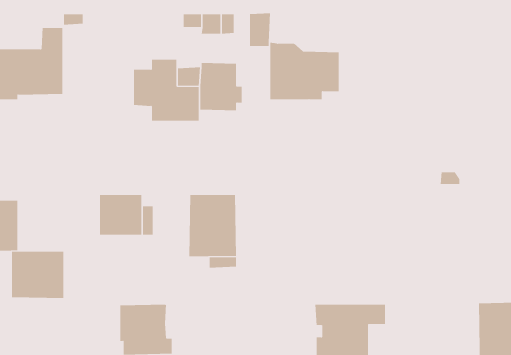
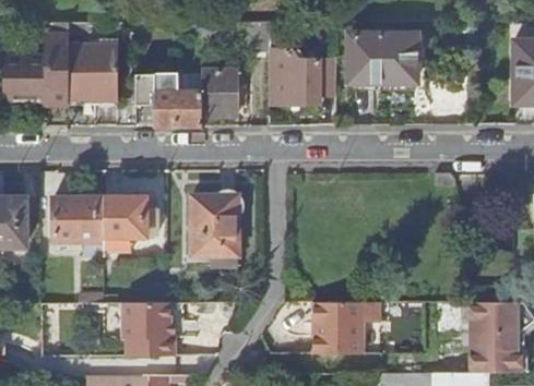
building: none -> [349,34,425,82]
building: none -> [68,45,117,99]
building: [11,251,64,299] -> [51,196,103,242]

